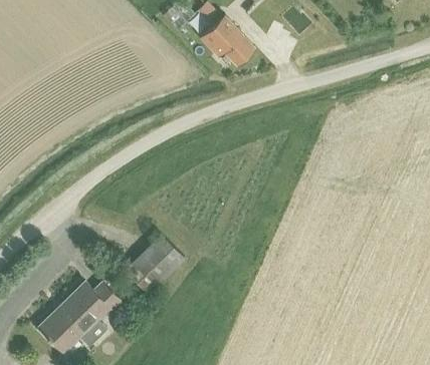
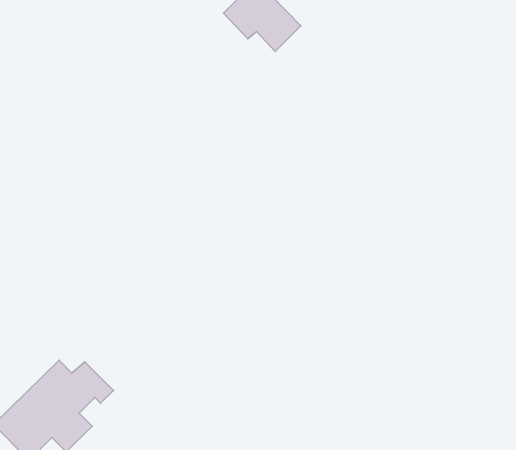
building: [127,235,185,293] -> none

